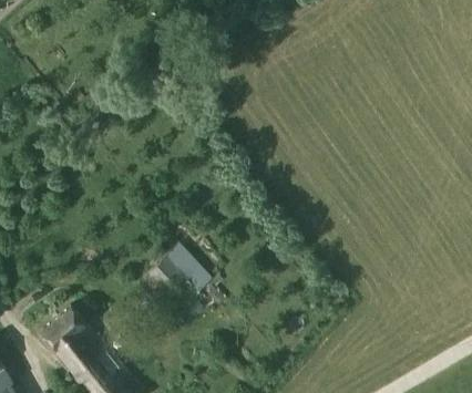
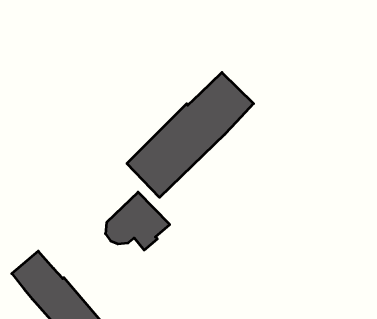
building: none -> [127,72,254,197]

